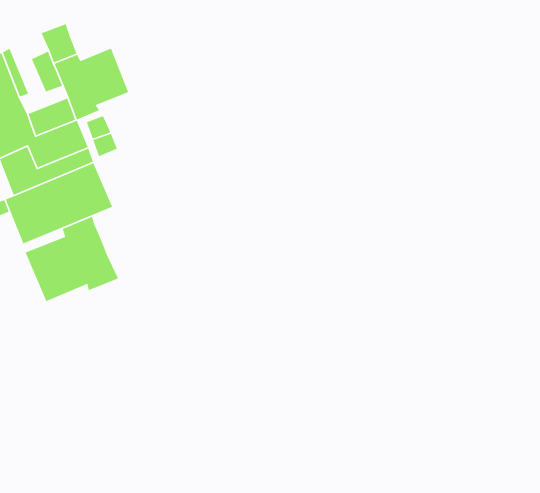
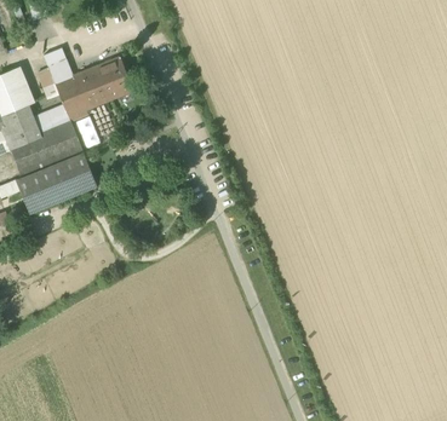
building: none -> [96,57,133,100]
building: [25,216,119,302] -> none

